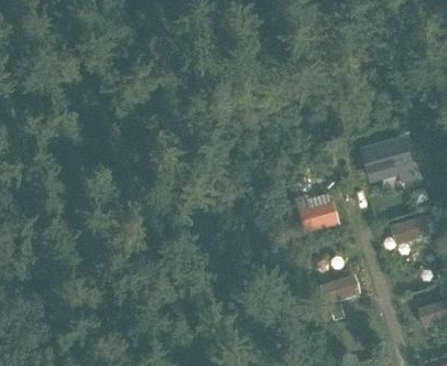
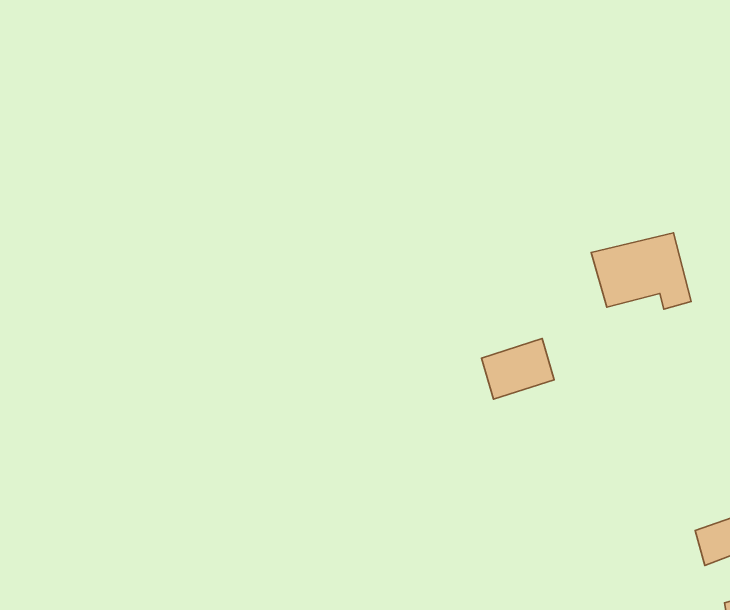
building: [390,213,432,245] -> none
building: [321,273,361,302] -> none

